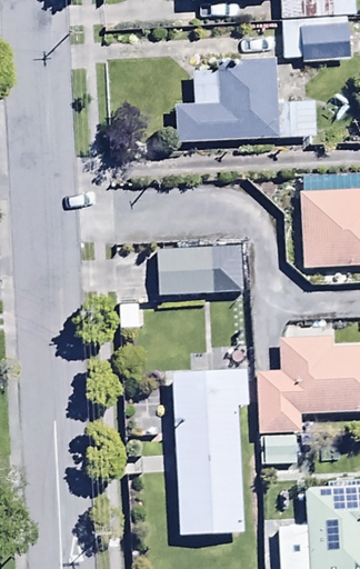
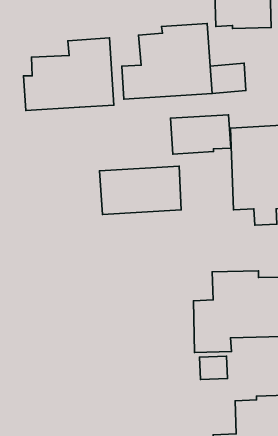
building: none -> [24,38,114,111]
building: none -> [171,115,231,154]
building: [170,339,248,516] -> none

